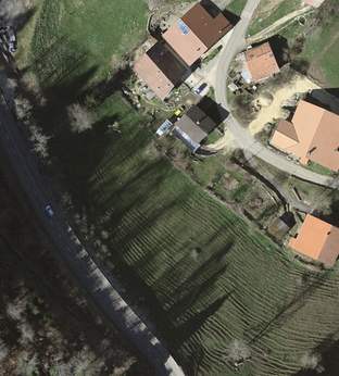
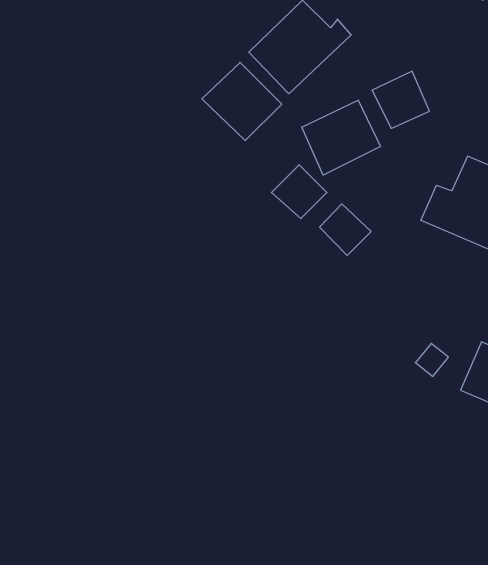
building: none -> [302,100,380,175]
building: none -> [320,204,371,255]

